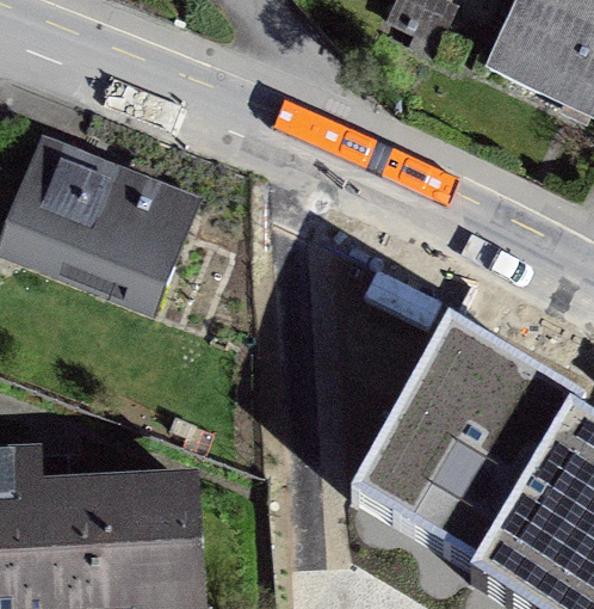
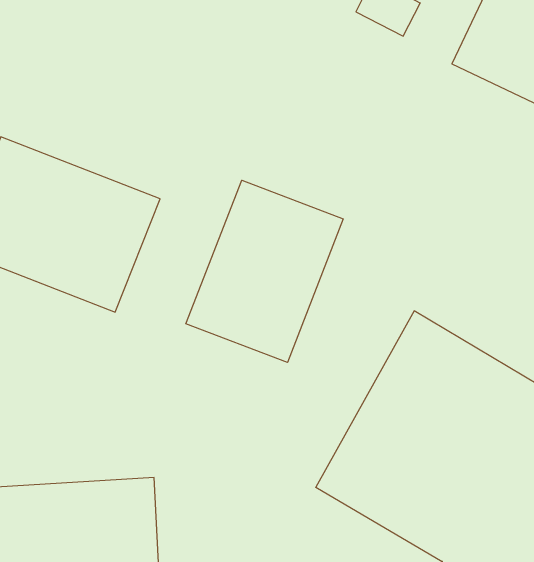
building: none -> [186,180,343,362]

